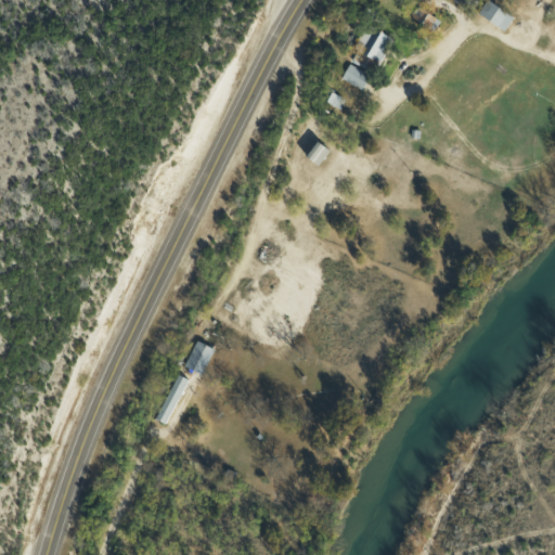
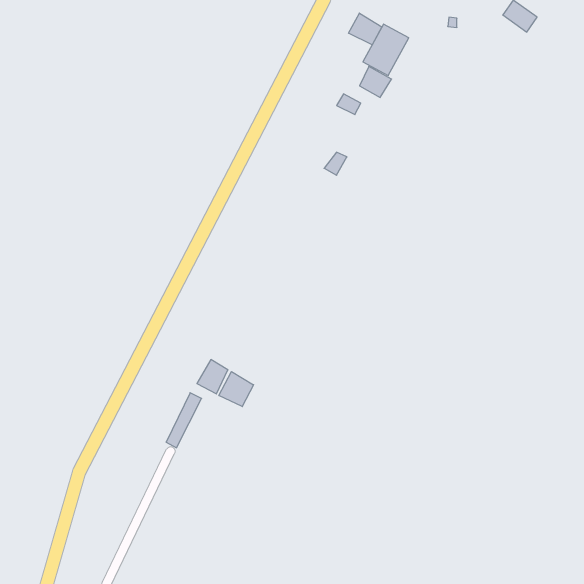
building: none -> [349,13,382,45]
building: none -> [219,372,254,407]

